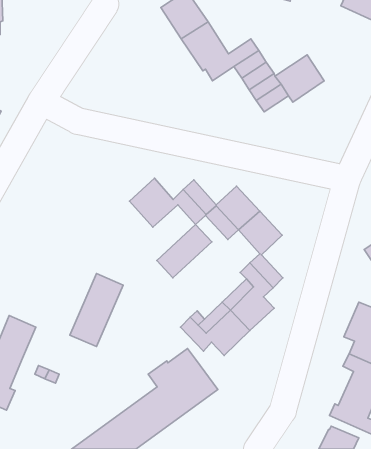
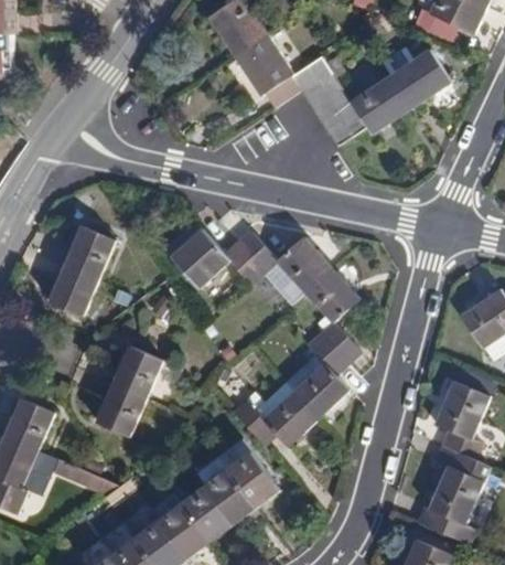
building: none -> [389,50,450,108]
building: none -> [50,226,115,317]
building: [157,224,212,278] -> none

